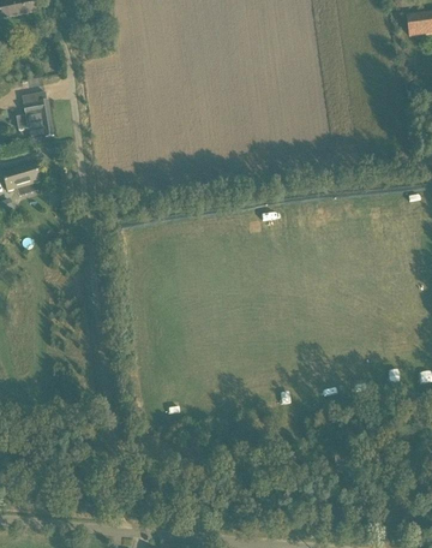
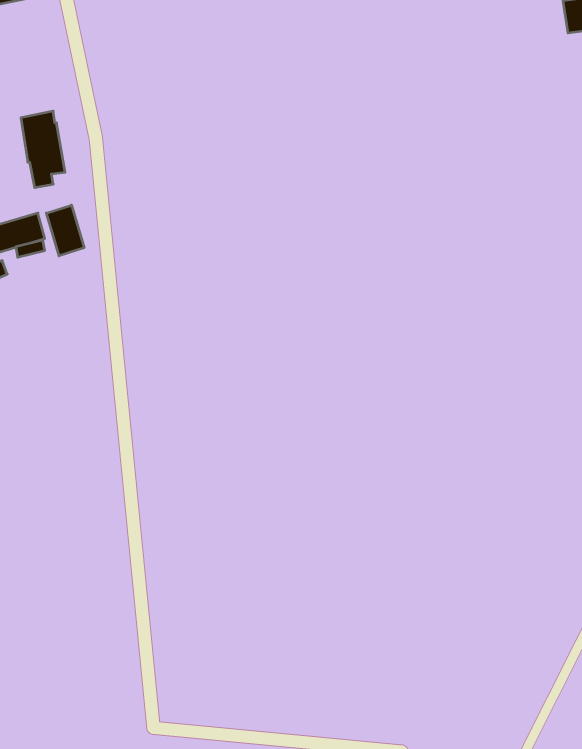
building: none -> [46,205,84,256]

